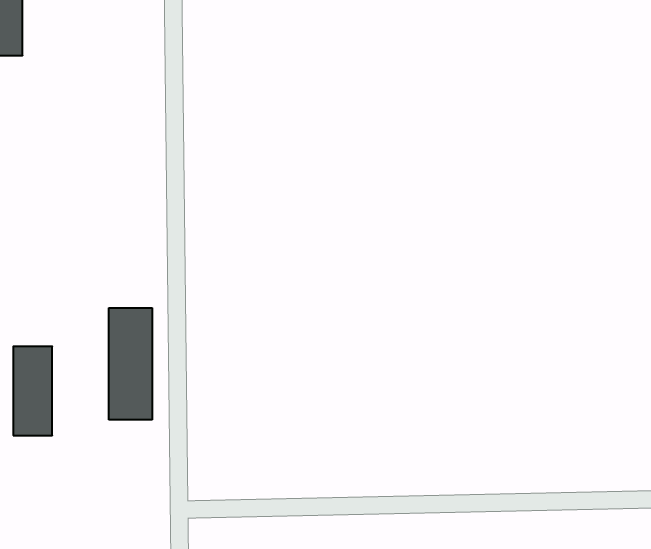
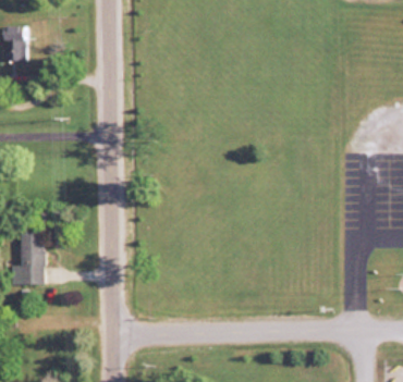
building: [109,308,152,420] -> none

